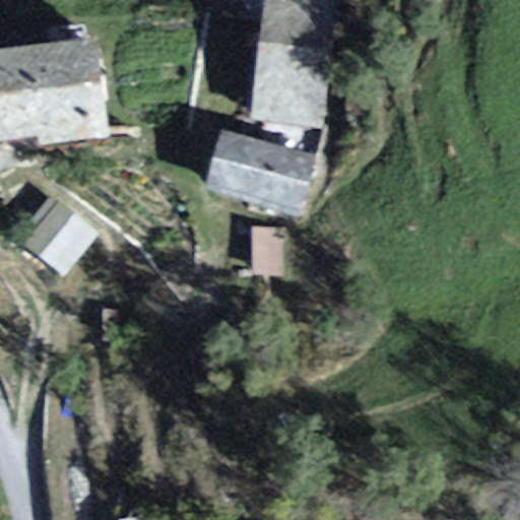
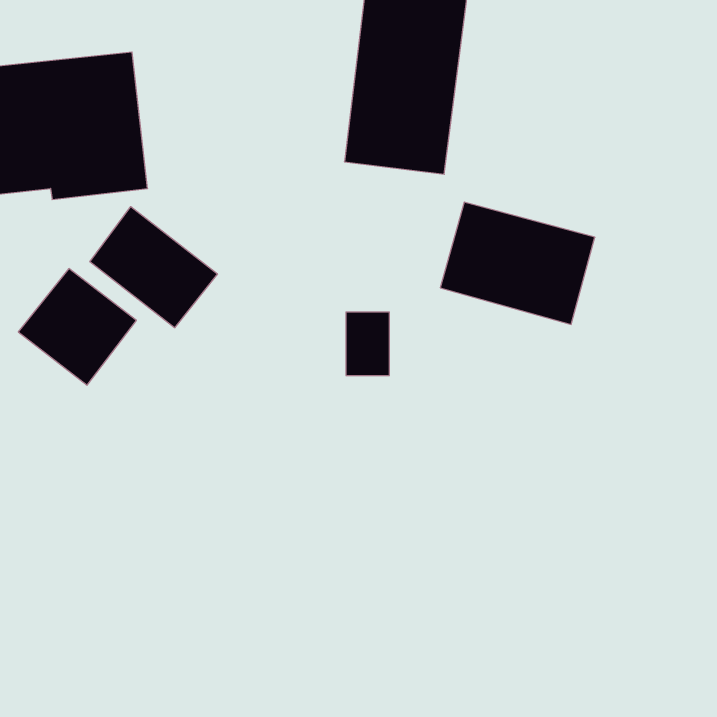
building: [203,127,315,215] -> [440,202,595,324]
building: none -> [90,207,217,328]

